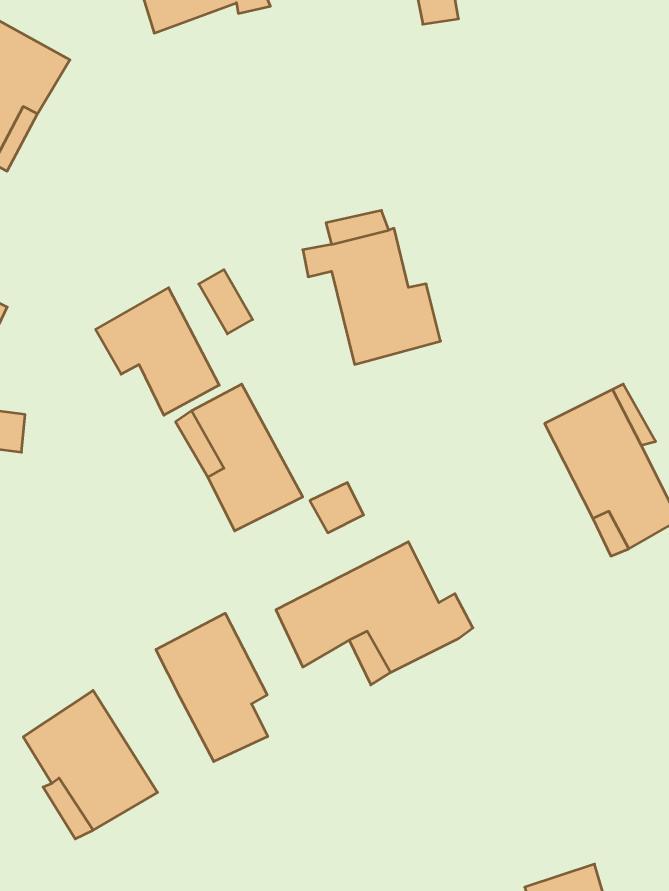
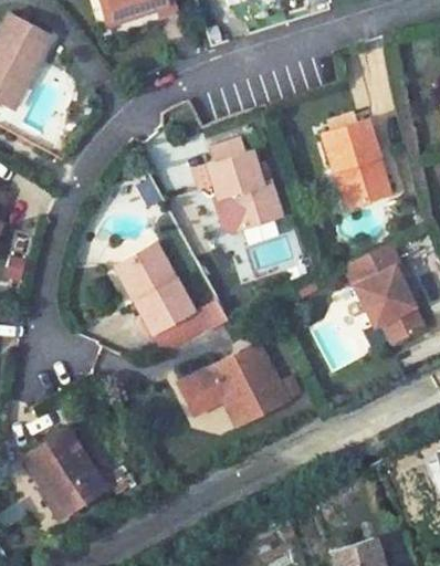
building: none -> [323,118,390,208]
building: [96,288,219,415] -> none
building: none -> [151,312,206,357]
building: [156,613,268,762] -> none

